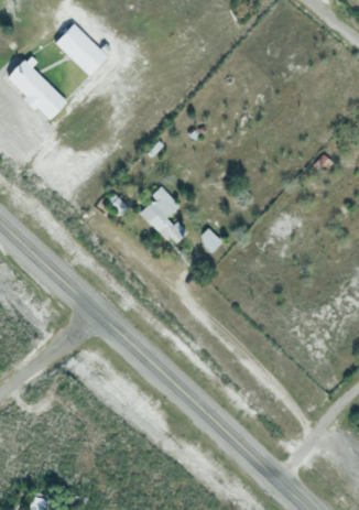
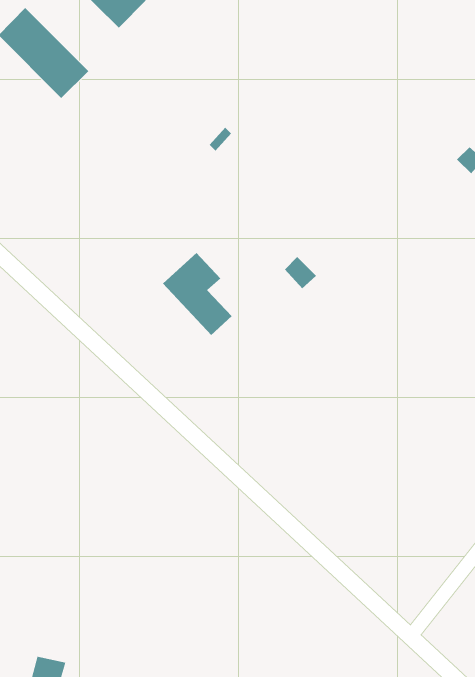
building: [140,189,187,246] -> [162,252,233,336]

